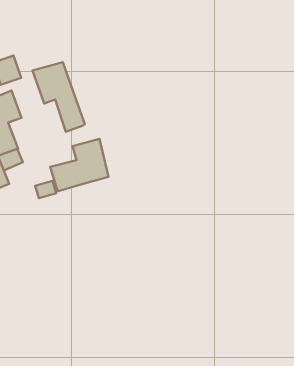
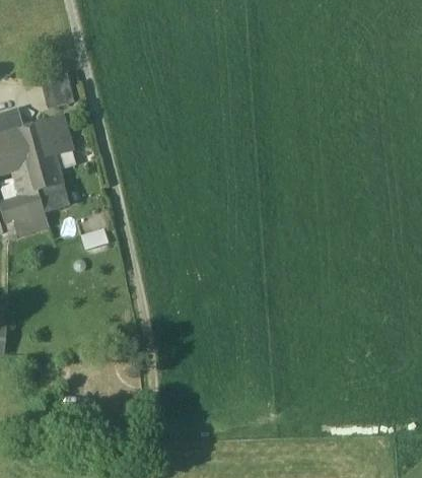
building: [33,62,85,132] -> none
building: [50,139,109,191] -> none

